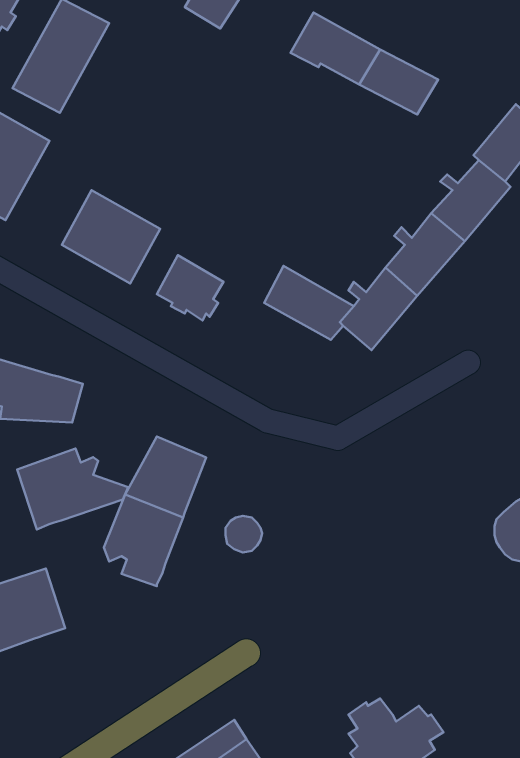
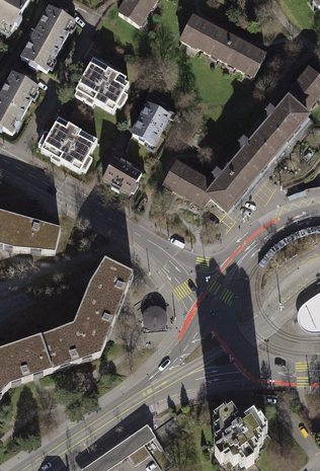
building: none -> [77,58,129,106]
building: none -> [132,88,174,144]
building: [17,449,128,529] -> [38,322,102,369]

